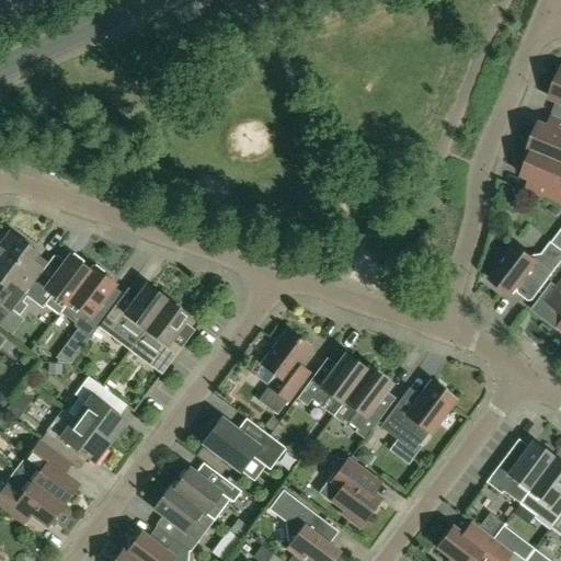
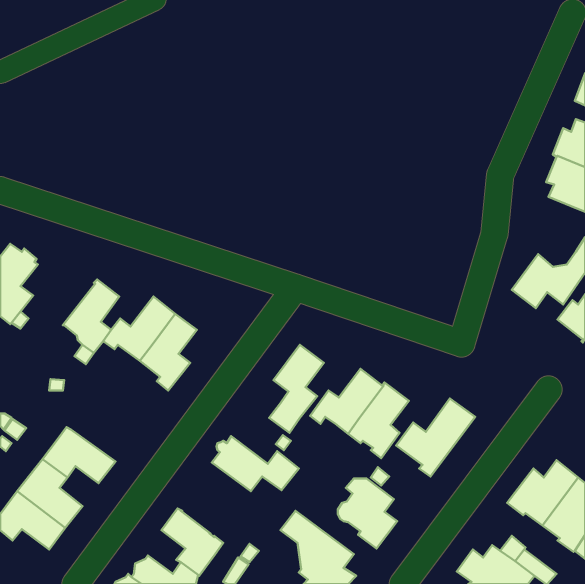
building: [24,255,91,314] -> none
building: [68,376,126,442] -> none
building: [173,468,241,519] -> none

